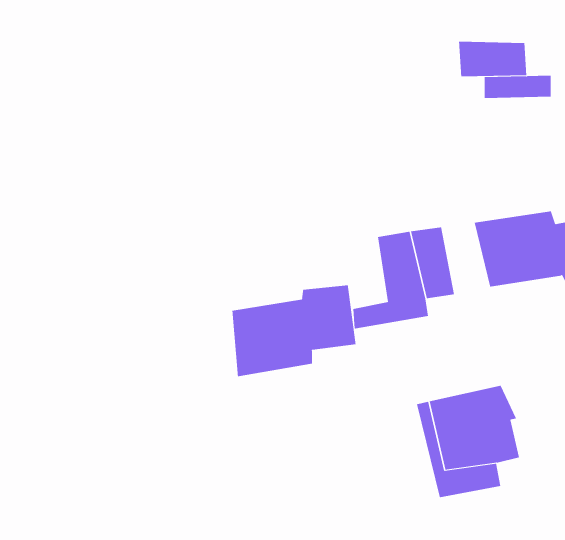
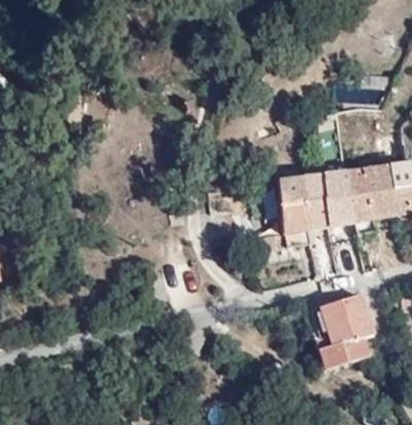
building: [459,41,527,77] -> none
building: none -> [318,177,352,228]
building: [232,285,356,377] -> none

